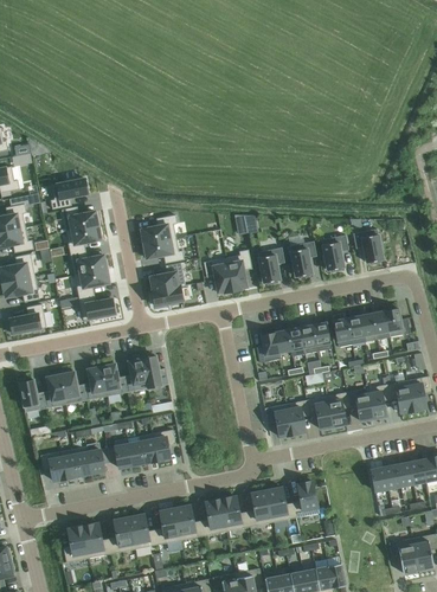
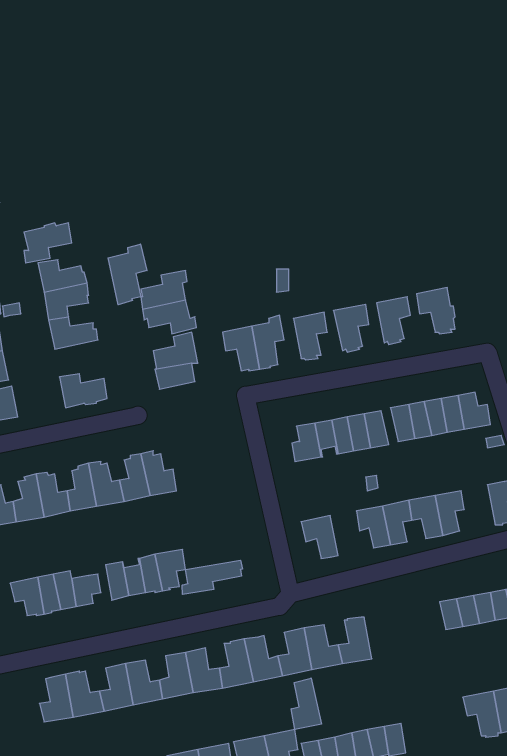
building: none -> [108,244,147,305]
building: [75,269,110,297] -> none
building: [387,380,413,413] -> none
building: [287,400,309,435] -> none
building: none -> [182,560,242,594]
building: none -> [291,678,321,730]

